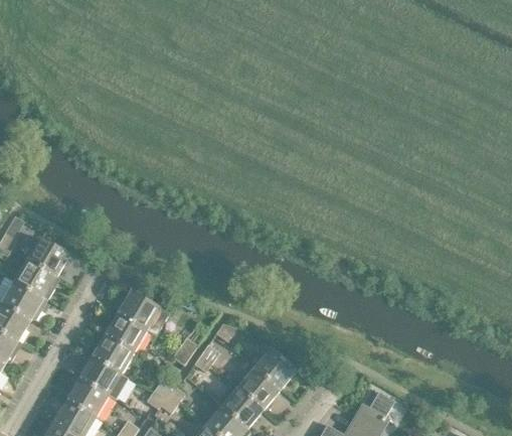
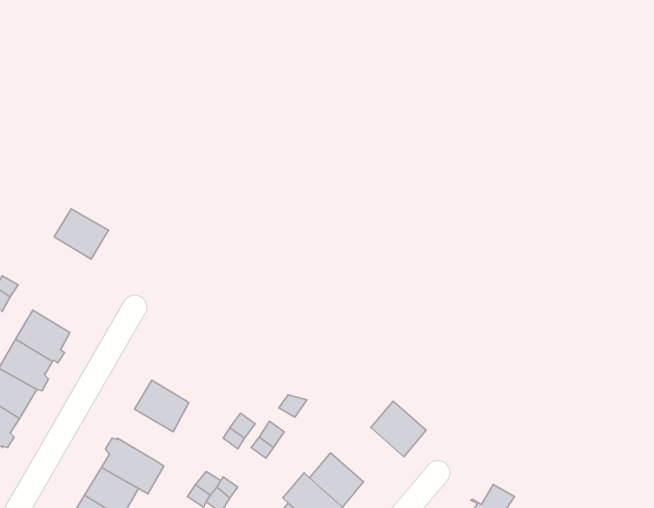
building: [27,239,68,277] -> [54,209,108,259]
building: [118,292,168,335] -> none
building: [92,335,134,375] -> none
building: [253,348,296,391] -> [371,401,426,457]

